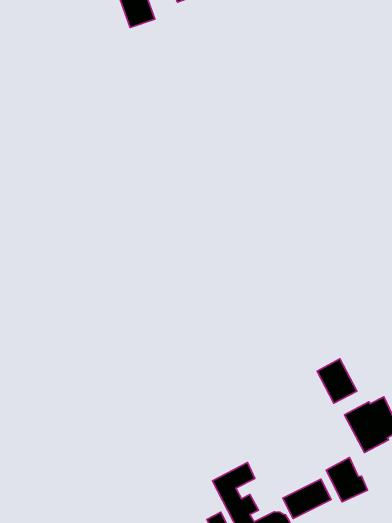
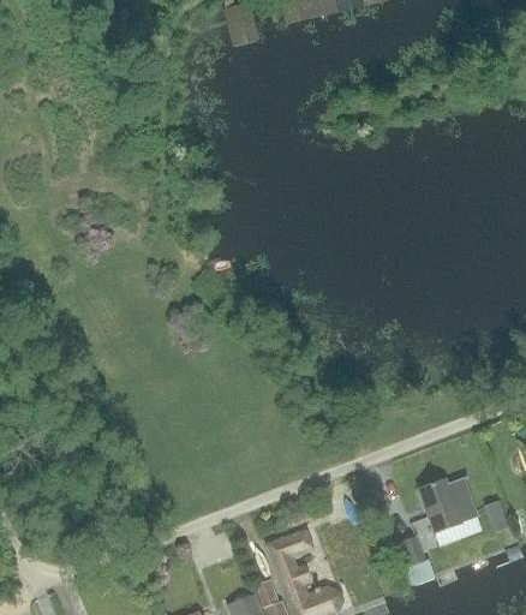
building: [317,359,357,403] -> none
building: [283,479,331,518] -> none

